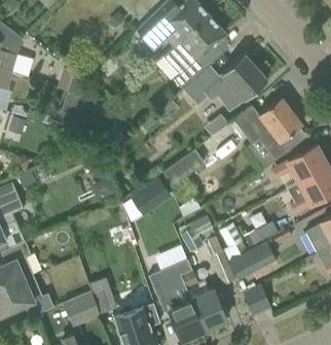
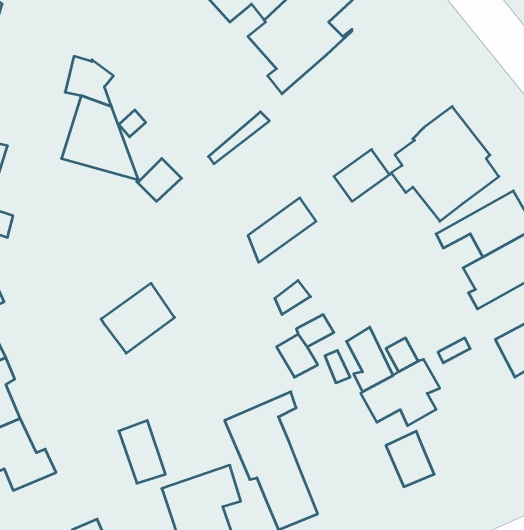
building: [183,55,266,111] -> none
building: [130,174,172,214] -> [101,283,175,353]
building: [181,270,226,331] -> none
building: [62,289,100,326] -> none

